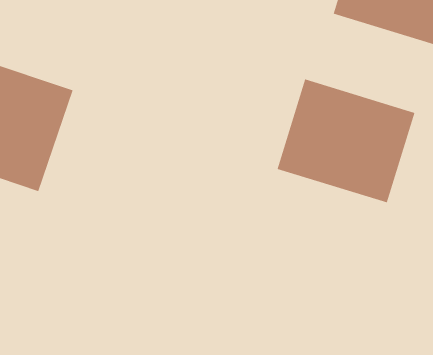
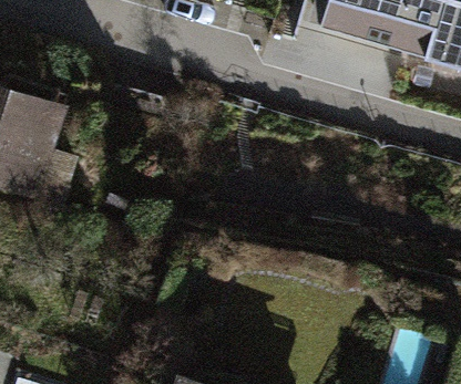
building: [277,79,415,203] -> none

